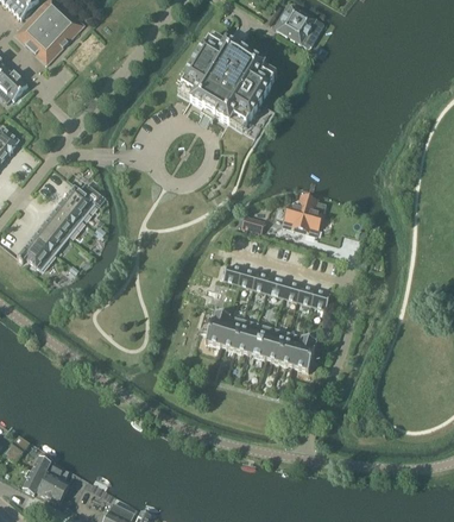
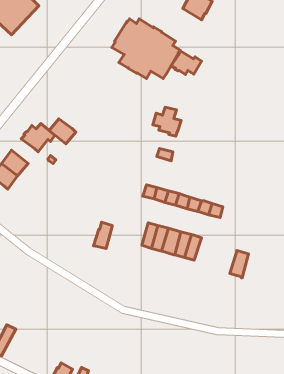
building: none -> [171,51,201,75]
building: [284,196,322,235] -> [153,107,181,136]
building: [46,203,82,237] -> [49,119,76,144]
building: [204,310,229,346] -> [94,222,112,249]
building: [291,335,316,372] -> [230,250,249,278]
building: [37,463,68,504] -> none

